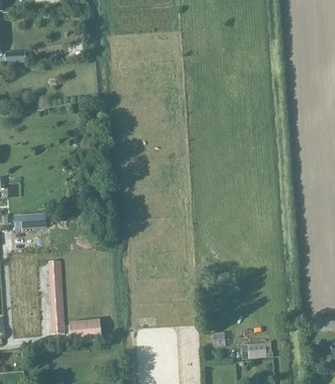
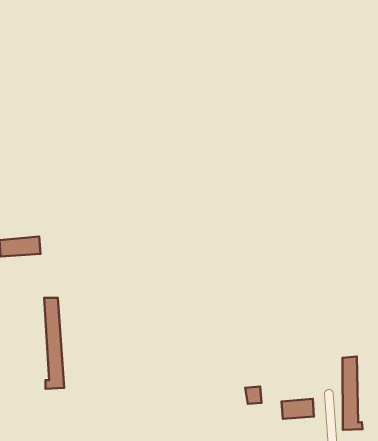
building: none -> [342,357,363,430]
building: [69,318,102,342] -> none

